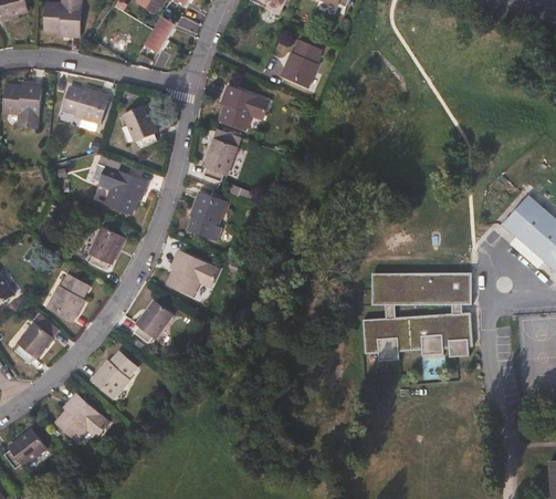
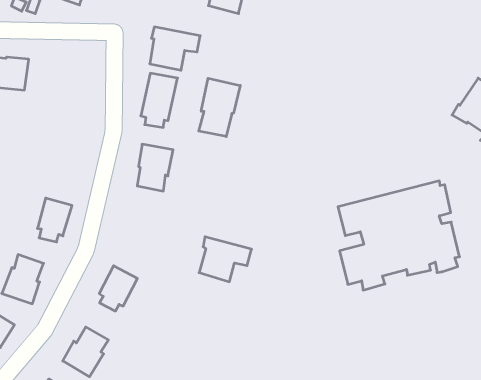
building: [123,104,158,146] -> none
building: none -> [199,78,240,137]
building: [101,166,147,214] -> none
building: [167,250,219,295] -> [199,237,252,282]

